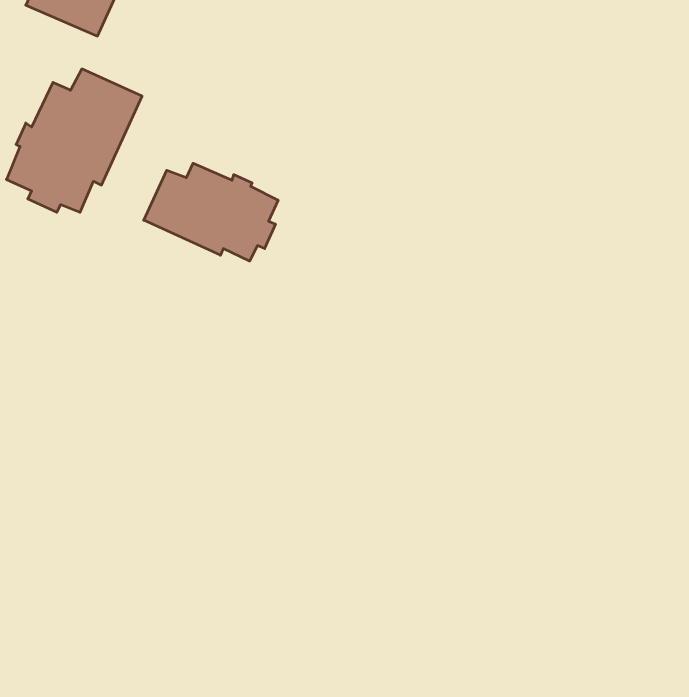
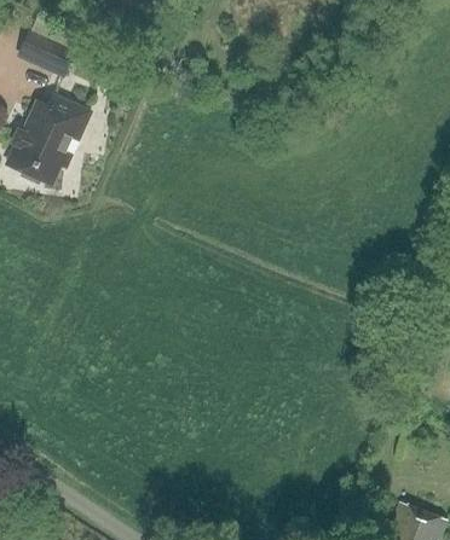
building: [144,163,278,261] -> none

